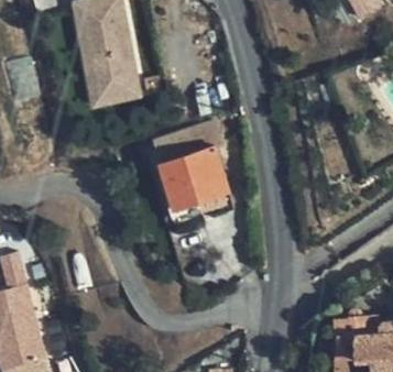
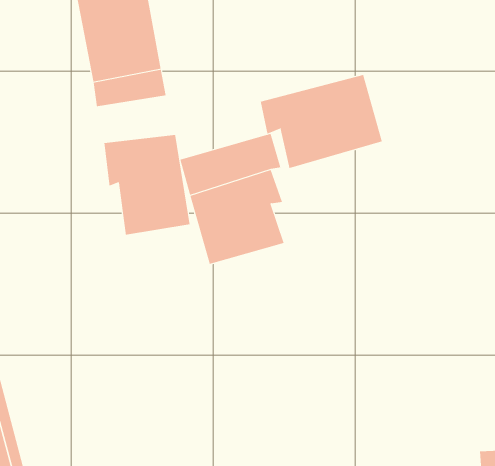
building: none -> [260,74,383,169]
building: none -> [104,134,190,236]

